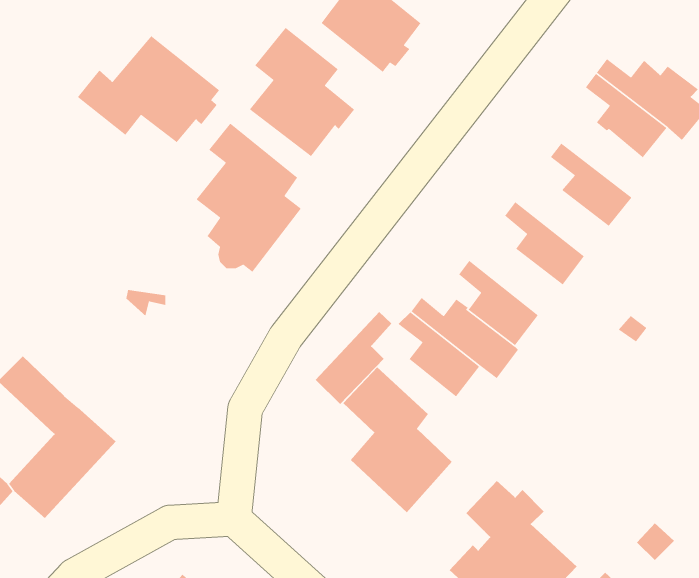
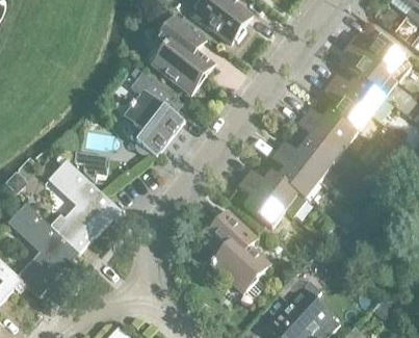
building: [77,35,220,143] -> none
building: none -> [331,75,385,114]
building: none -> [305,108,358,148]
building: none -> [279,141,332,181]
building: none -> [50,159,123,253]
building: [315,311,392,405] -> none

